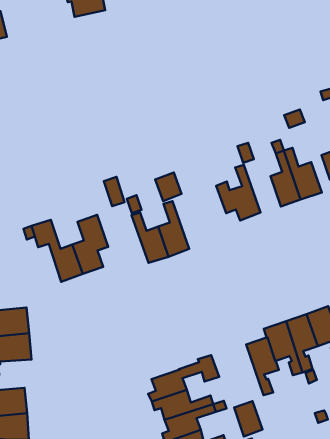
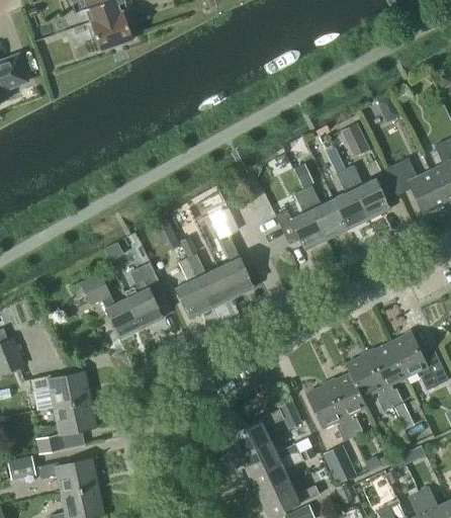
building: none -> [302,185,348,239]
building: none -> [175,258,211,319]
building: none -> [305,383,353,441]

